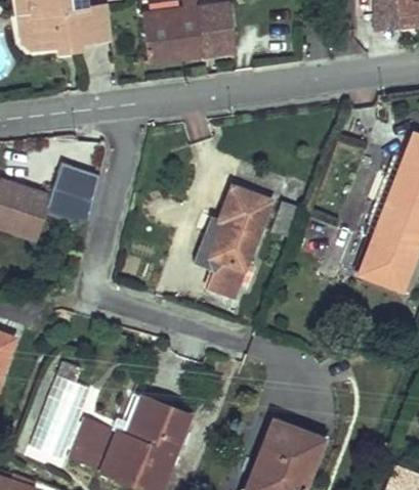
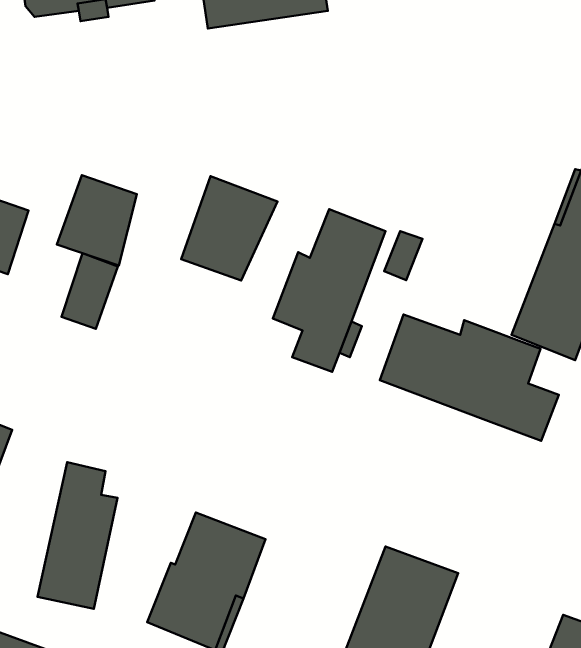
building: none -> [181,176,277,280]
building: [10,187,49,239] -> [62,253,118,329]
building: none -> [380,314,559,441]
building: [76,419,116,469] -> none

